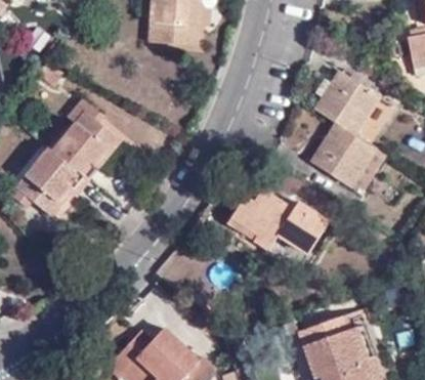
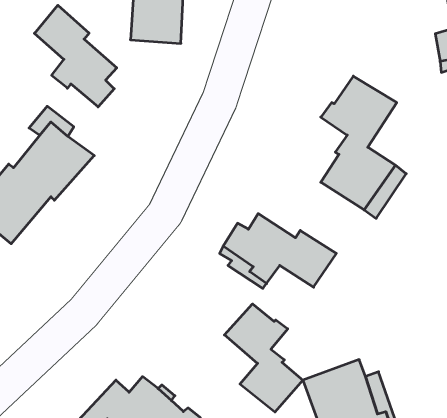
building: none -> [34,5,117,107]
building: none -> [224,304,303,412]

